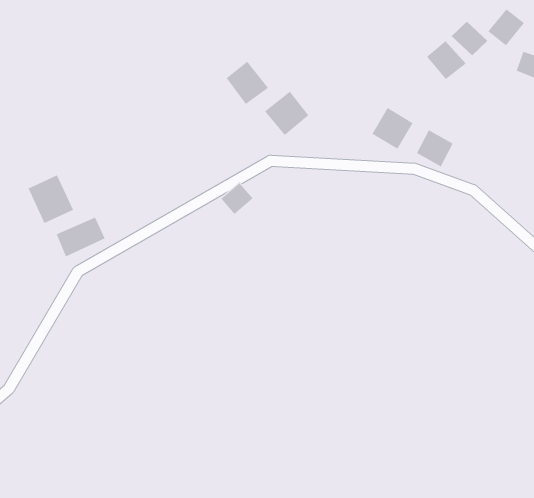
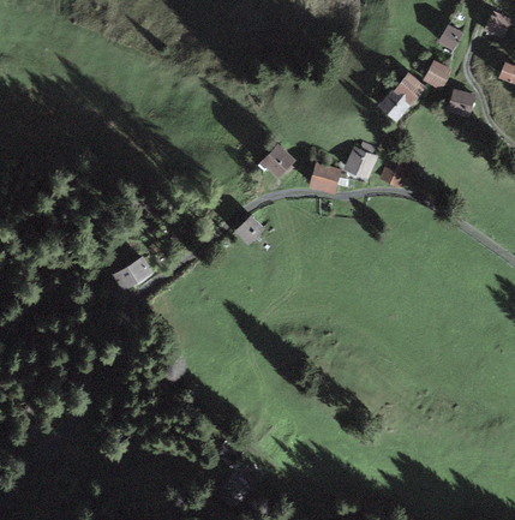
building: [226,61,269,105] -> none
building: none -> [310,163,339,189]
building: [28,174,74,224] -> none

